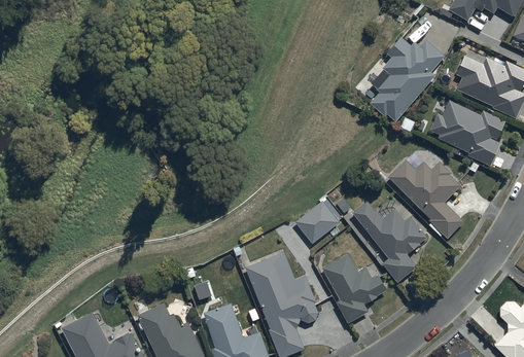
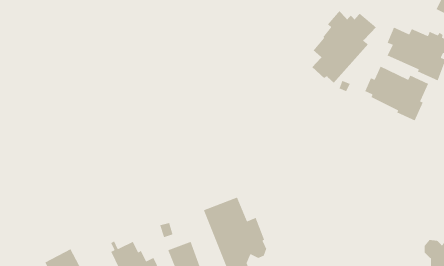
building: [387,159,463,239] -> none
building: [294,198,342,245] -> none
building: [352,202,427,283] -> none
building: [322,254,387,324] -> none

